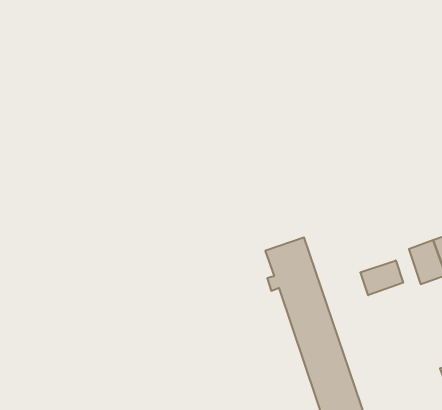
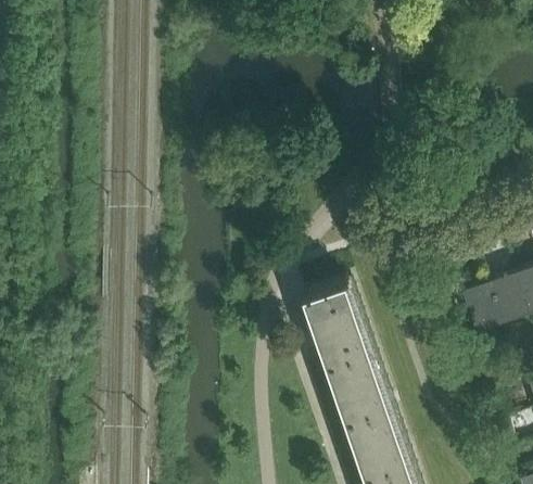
building: [360,260,403,295] -> none

